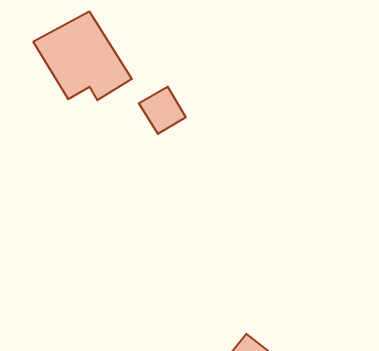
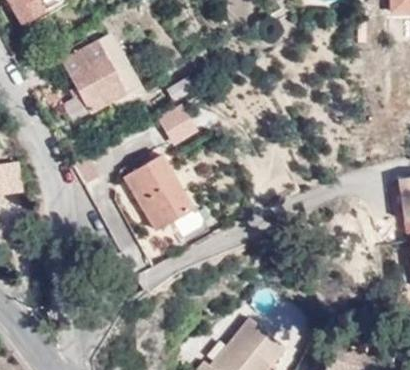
building: none -> [126,156,190,230]

